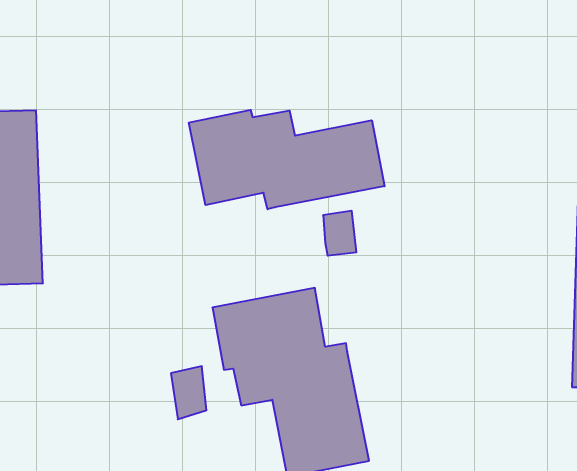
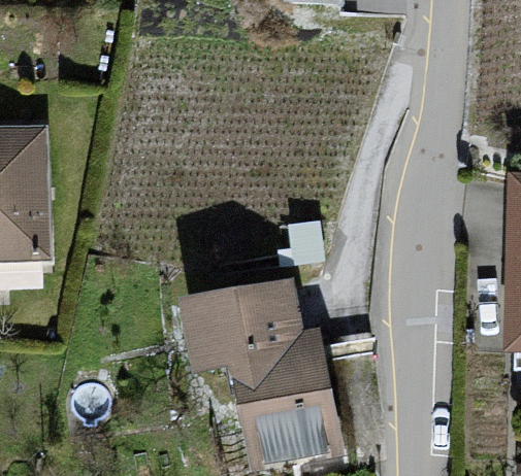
building: [189,110,385,209] -> none

